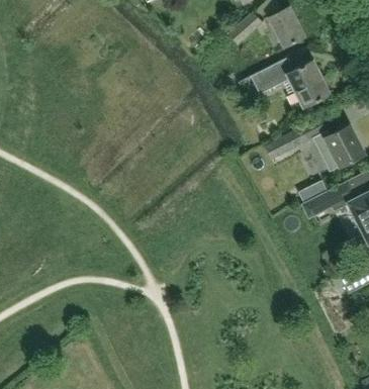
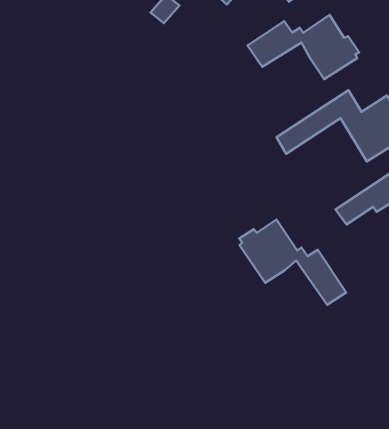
building: none -> [239,219,346,305]

